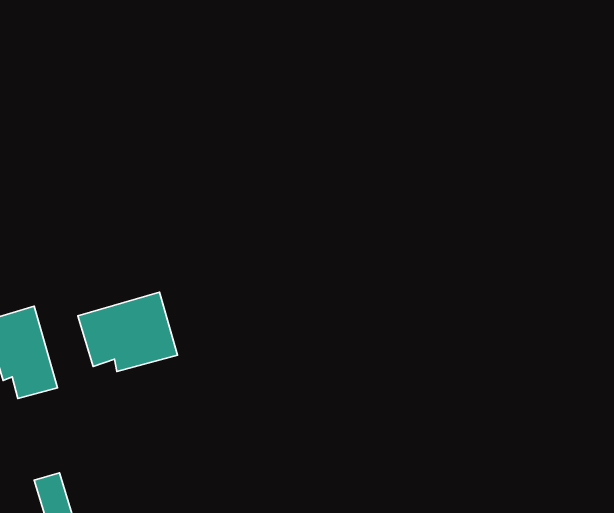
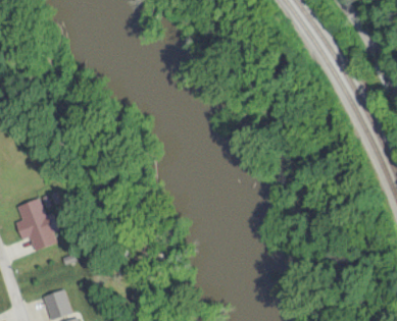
building: [78,292,177,372] -> none

